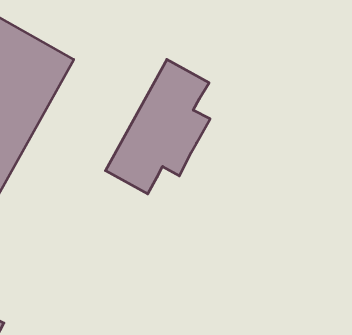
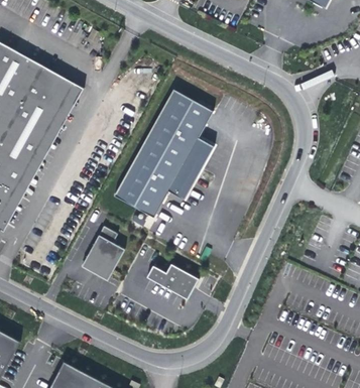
building: none -> [82,226,124,279]
building: none -> [146,263,198,298]

